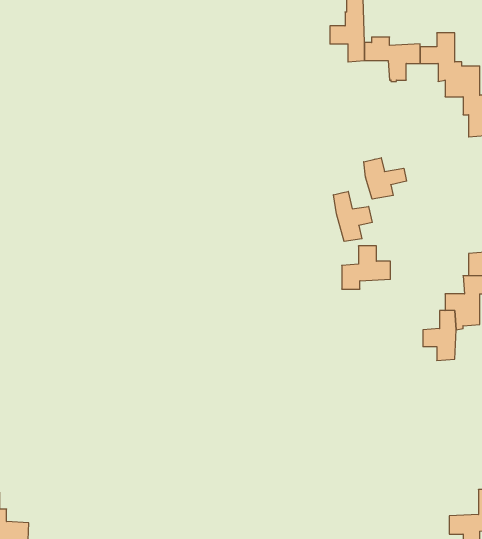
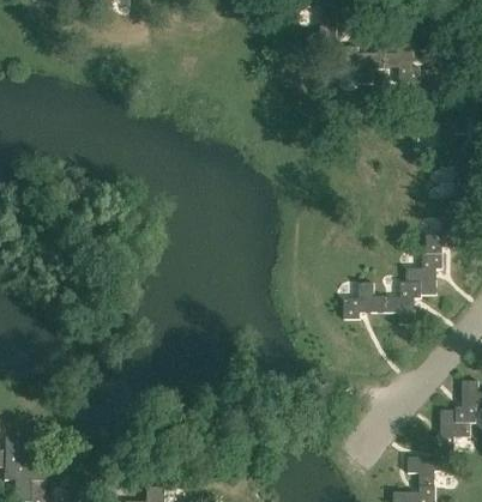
building: [364,158,407,199] -> none
building: [333,191,372,241] -> none
building: [342,246,390,289] -> [344,282,386,319]

